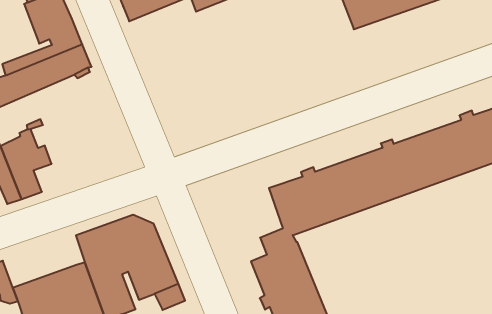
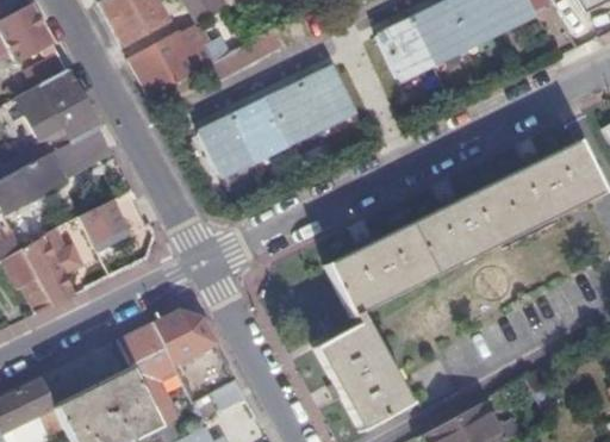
building: none -> [201,68,355,174]
building: none -> [81,200,127,244]

